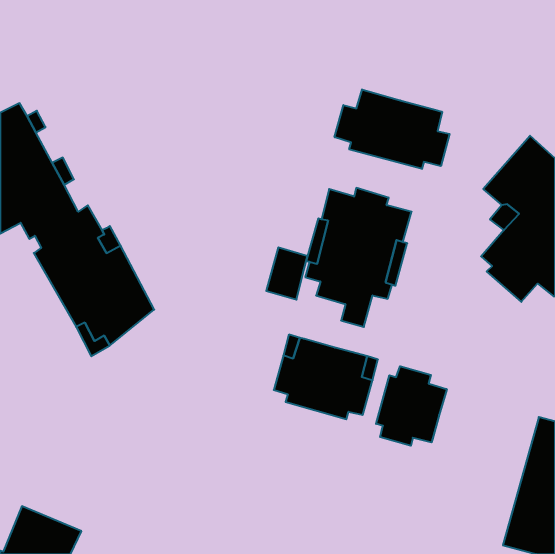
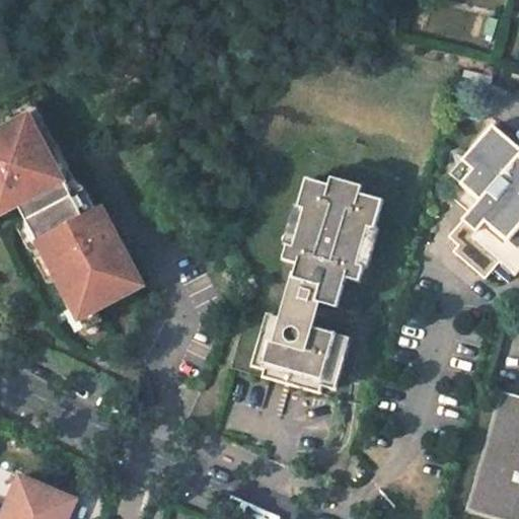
building: [335,89,450,169] -> none
building: [266,247,308,300] -> [284,276,322,324]
building: [376,366,447,446] -> none

